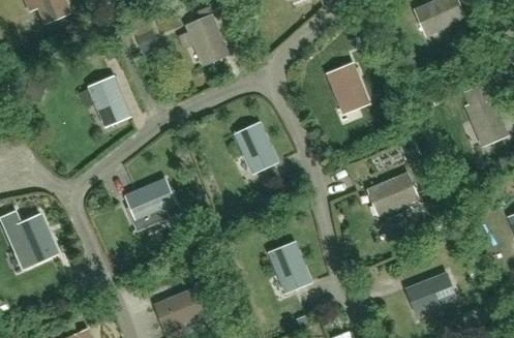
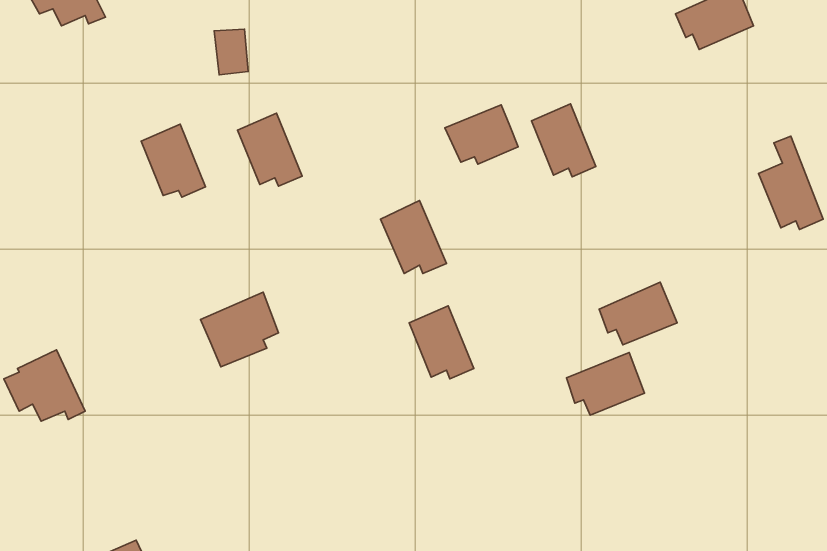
building: [187,17,226,61] -> [238,113,302,186]
building: none -> [445,105,518,164]
building: [270,244,309,288] -> [409,306,474,379]
building: [407,274,455,312] -> [566,352,645,415]
building: [155,289,204,328] -> none

